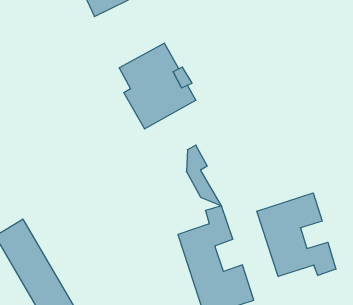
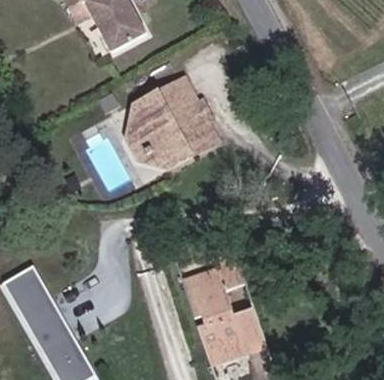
building: [186,145,222,206] -> [122,104,159,168]
building: [257,193,336,277] -> none

